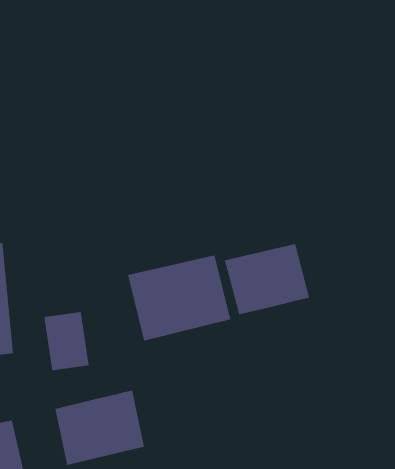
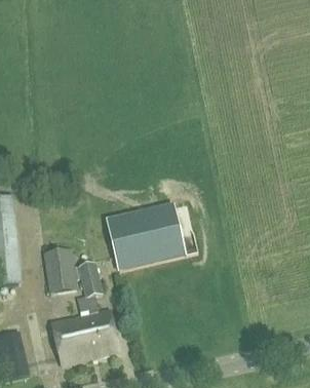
building: [224,243,310,315] -> none
building: none -> [77,261,103,314]

